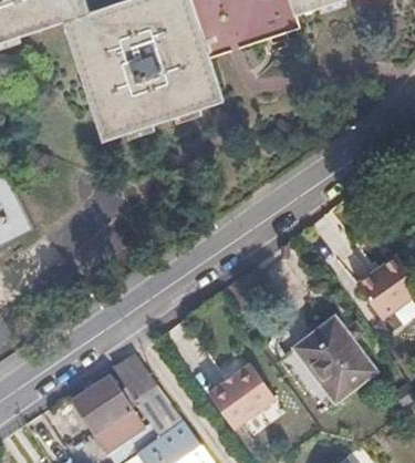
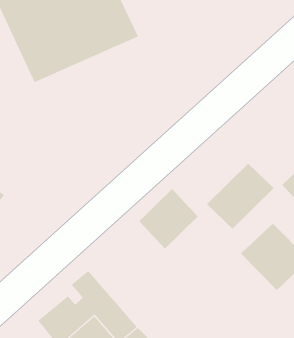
building: none -> [206,163,274,229]
building: [203,363,268,429] -> [139,188,199,250]

